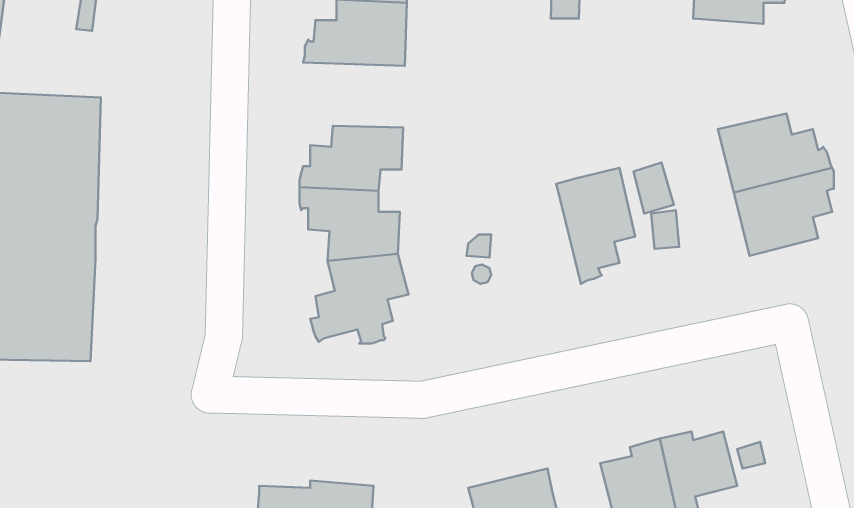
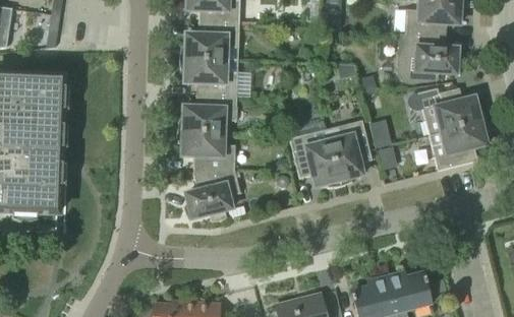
building: none -> [399,33,462,81]
building: none -> [179,58,238,96]
building: none -> [289,128,340,187]

